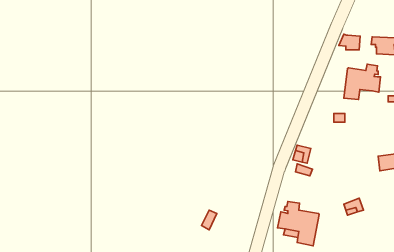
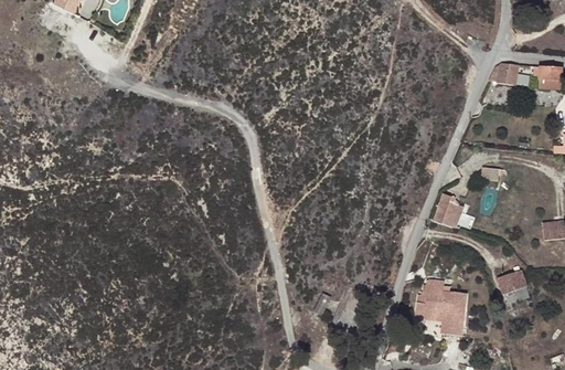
building: [344,64,380,100] -> none

